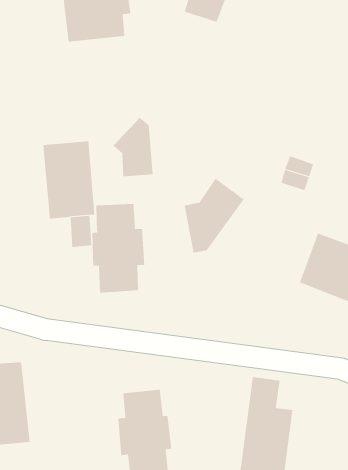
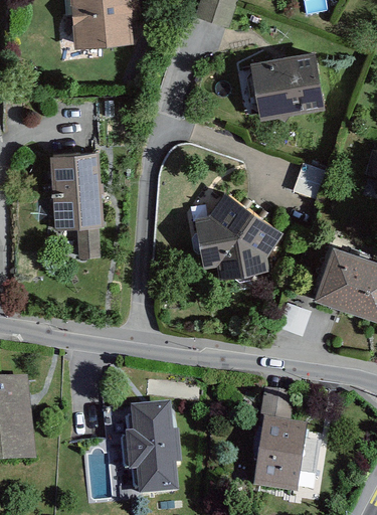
building: none -> [251,51,325,120]
building: [113,117,153,177] -> none
building: none -> [218,210,282,279]
building: [92,203,145,293] -> none

